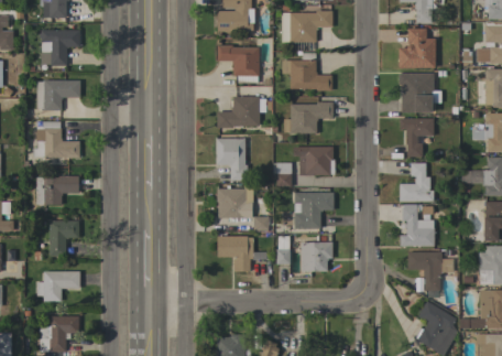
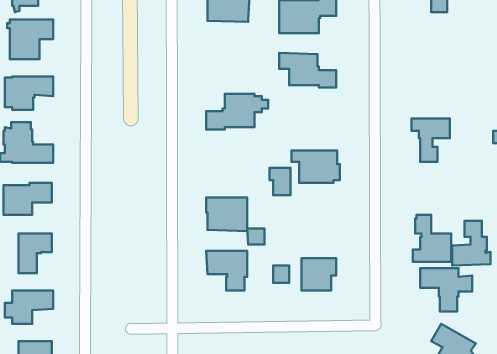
building: [399,28,435,67] -> none
building: [218,45,260,83] -> none
building: [400,73,435,112] -> none
building: [284,101,334,133] -> none
building: [217,138,248,180] -> none
building: [400,162,434,202] -> [452,221,490,265]
building: [294,192,334,229] -> none

